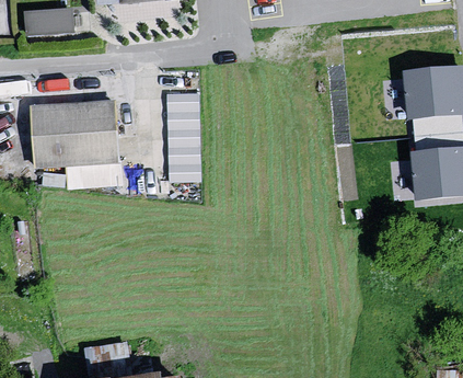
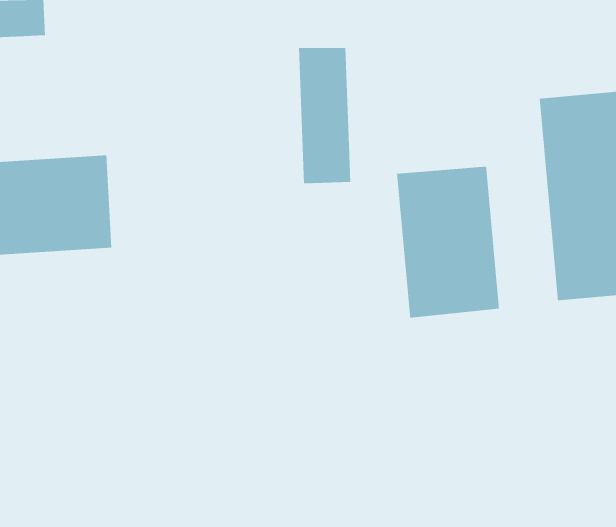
building: [165,85,200,175] -> [298,48,351,184]
building: none -> [397,166,500,318]

